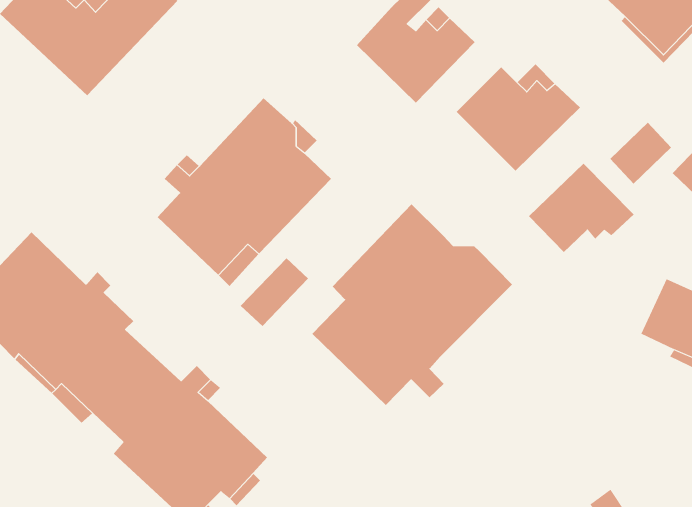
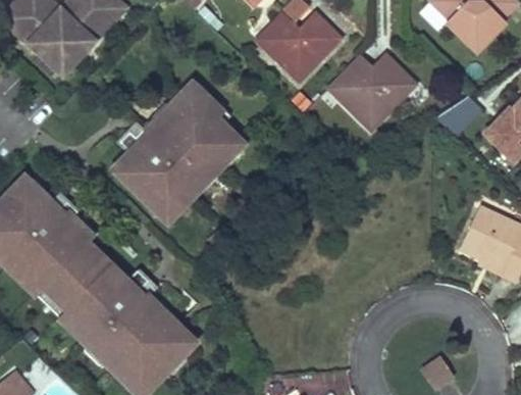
building: [528,163,635,253] -> none
building: [311,204,513,406] -> none
building: [240,257,309,327] -> none

